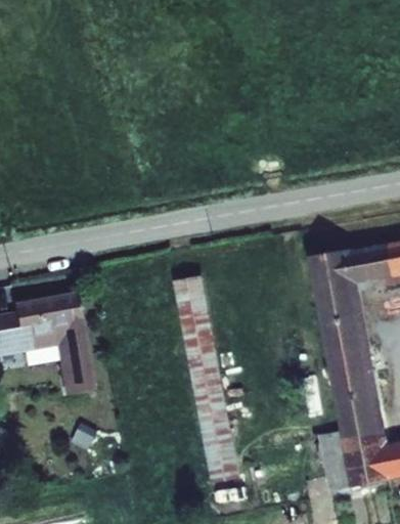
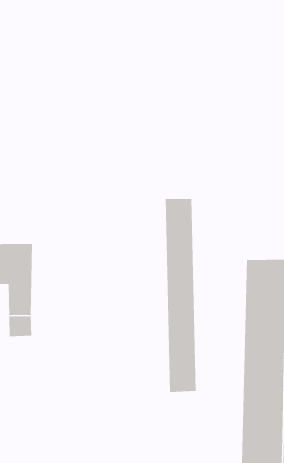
building: [175,275,240,477] -> [165,199,197,393]

